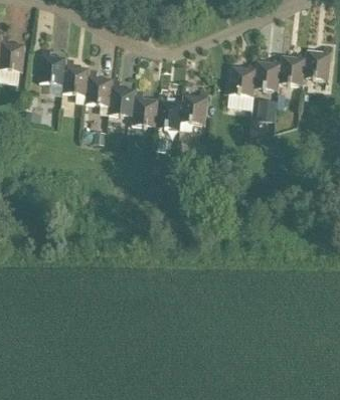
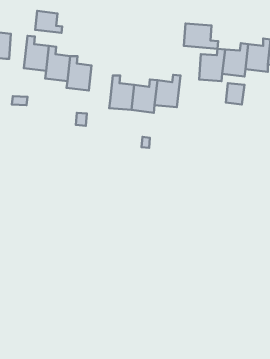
building: none -> [35,11,62,33]
building: none -> [184,23,218,49]
building: [108,78,135,117] -> none

